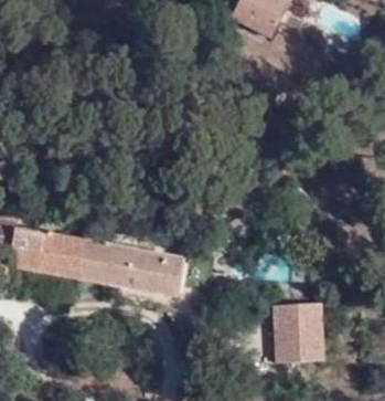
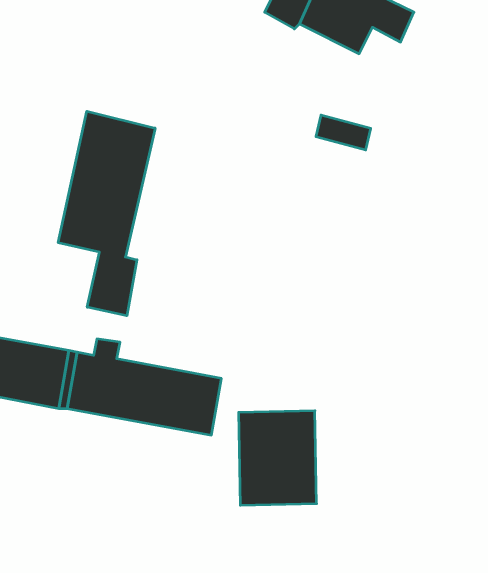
building: none -> [58,111,155,316]
building: [272,300,324,363] -> [239,411,317,505]

